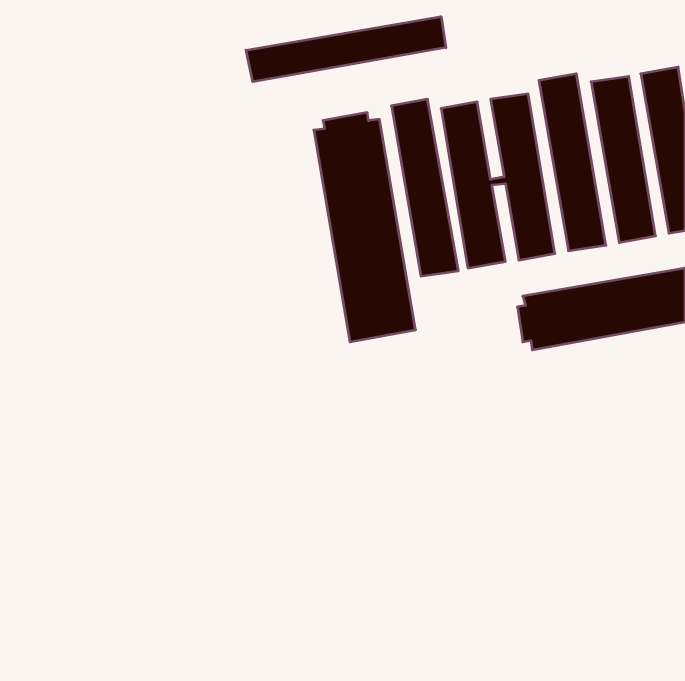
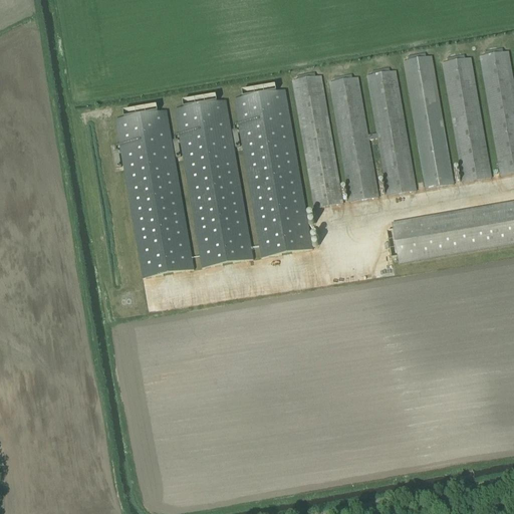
building: [246,17,446,82] -> none
building: none -> [176,94,252,266]
building: none -> [115,109,194,278]

